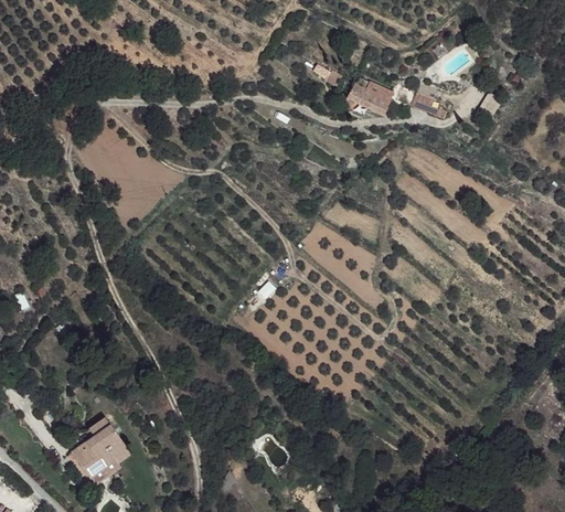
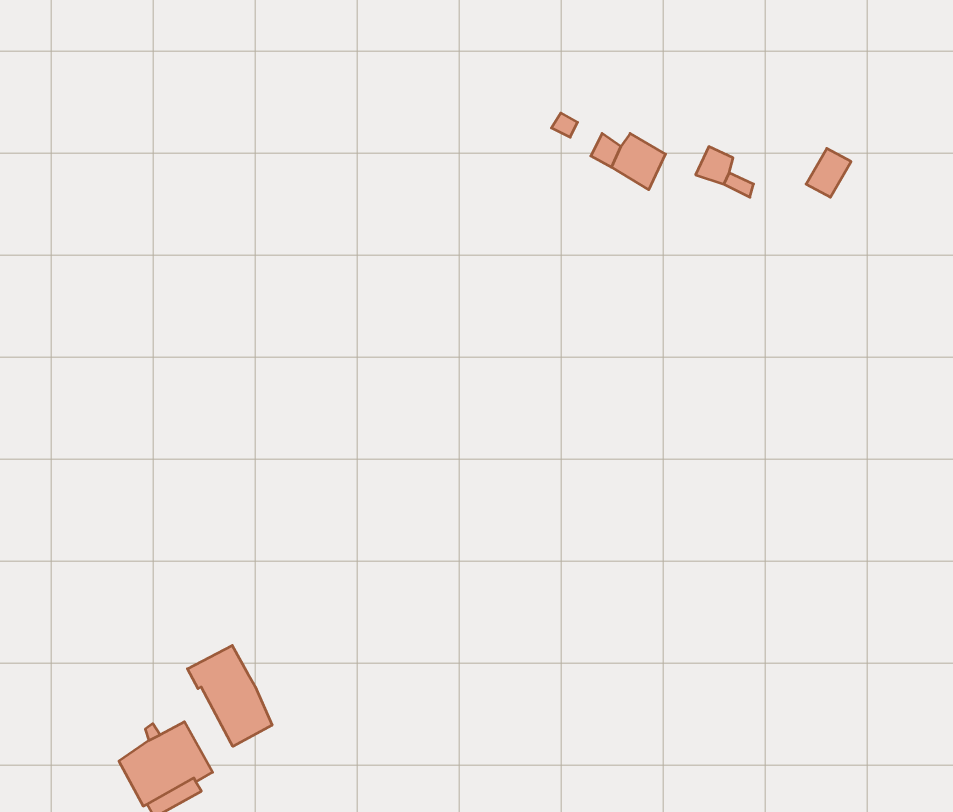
building: none -> [187,645,272,746]

